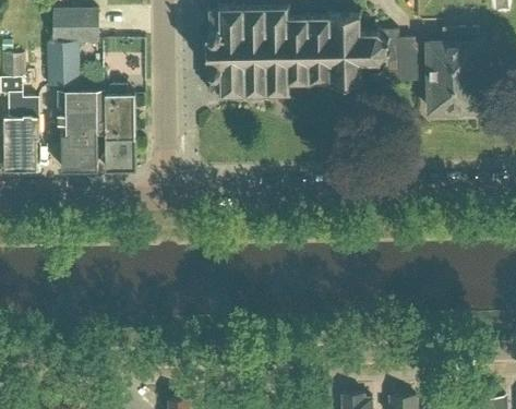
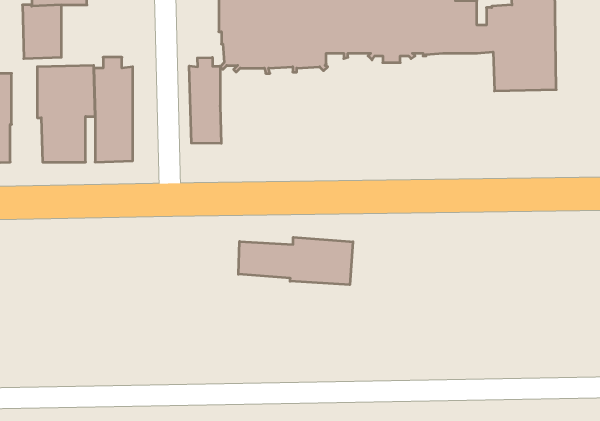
building: none -> [189,57,221,143]
building: none -> [238,237,353,285]

